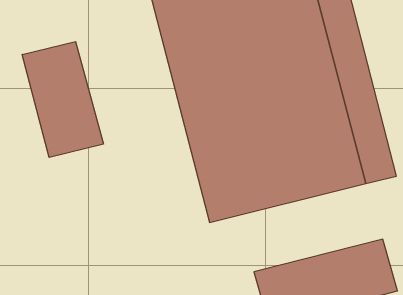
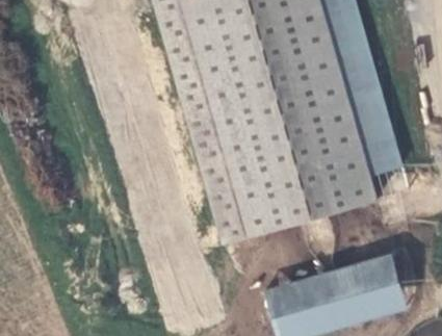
building: [22,42,103,157] -> none

